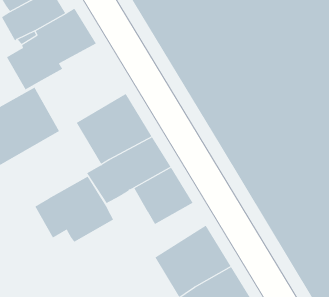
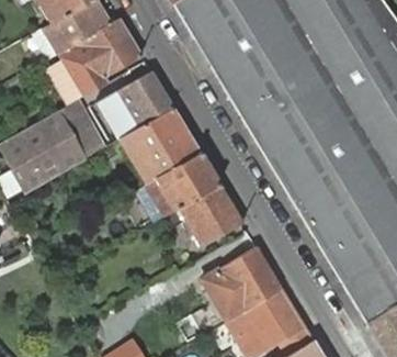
building: none -> [98,70,173,138]
building: [35,176,114,242] -> none

